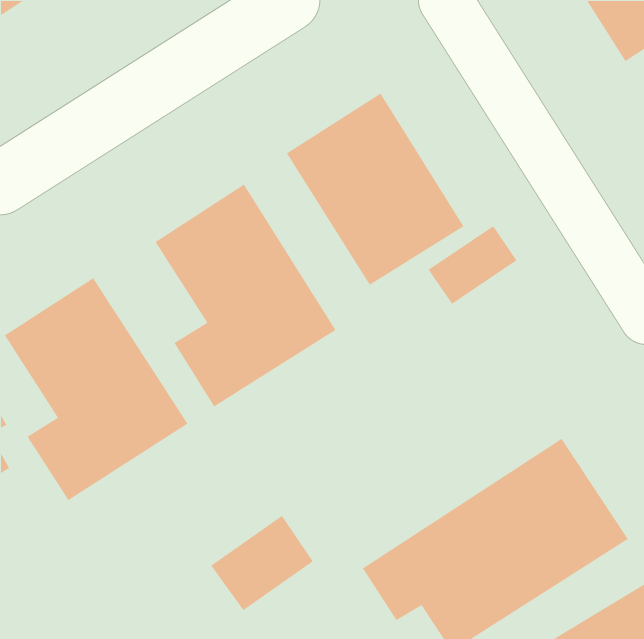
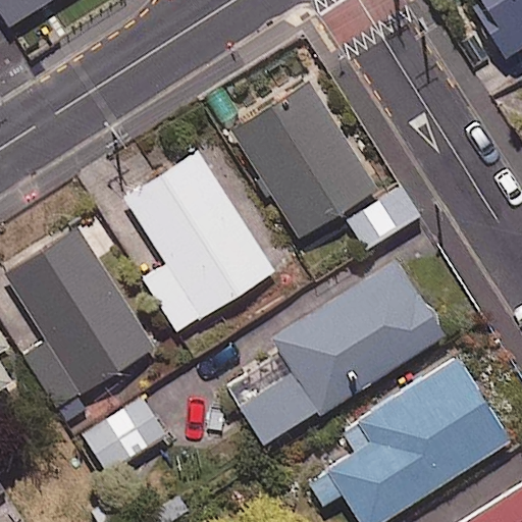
building: none -> [218,262,442,446]
building: [210,515,314,611] -> [82,398,165,475]

